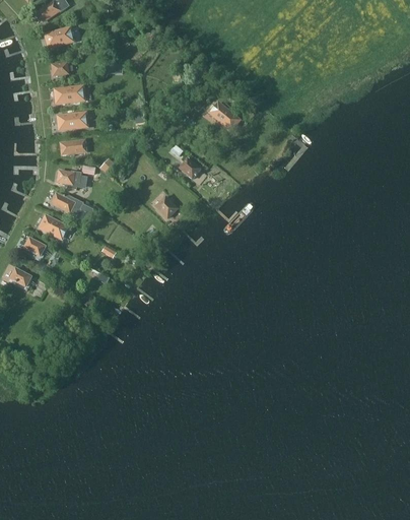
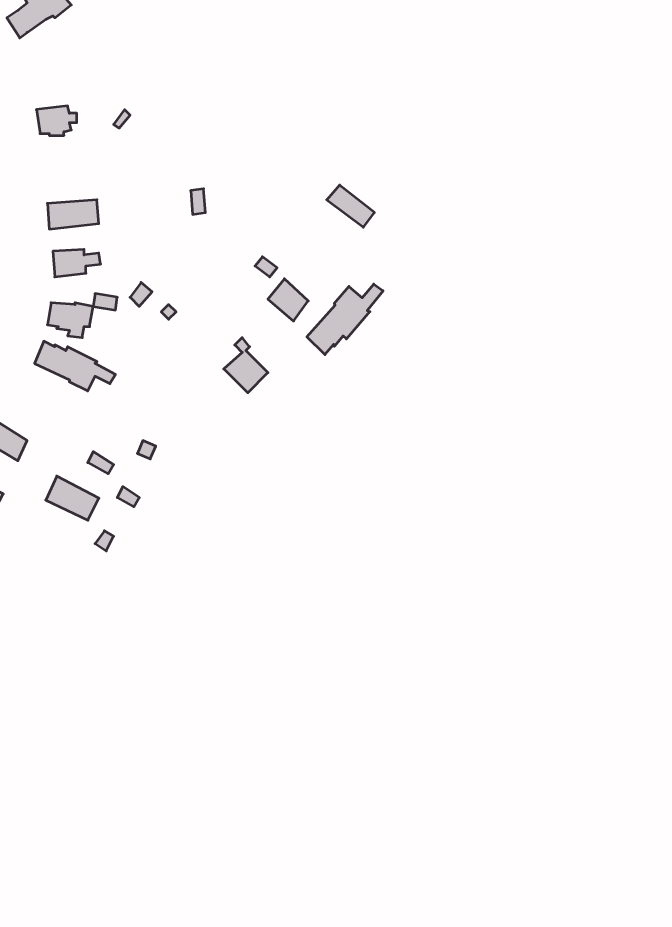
building: [43,27,72,47] -> none
building: [55,87,83,104] -> none
building: none -> [307,284,383,355]
building: [36,212,65,237] -> [46,476,99,520]

